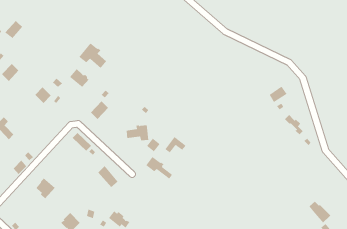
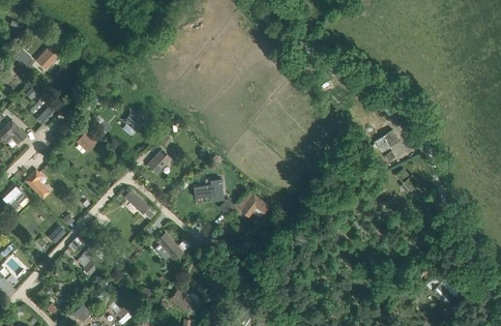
building: [79,43,107,69] -> none
building: [145,156,173,180] -> none

